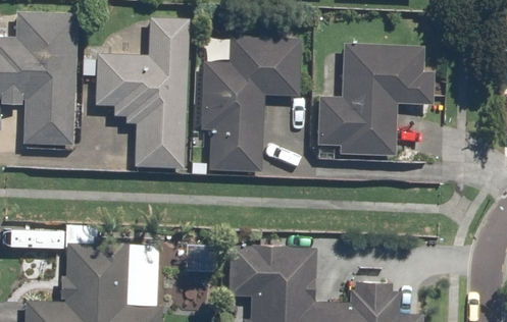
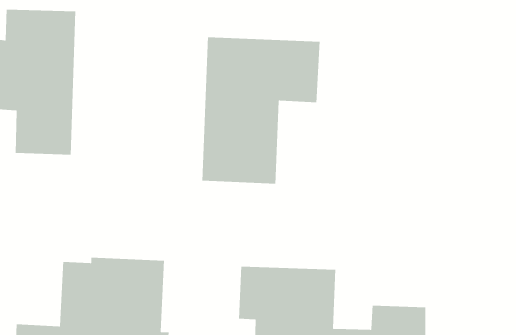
building: [95,16,191,167] -> none
building: [315,42,435,157] -> none

